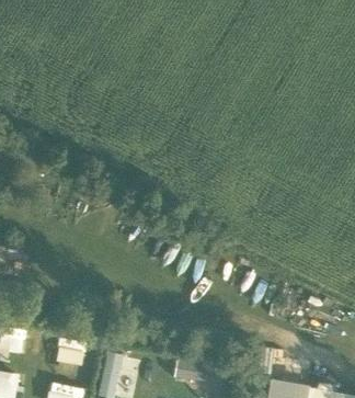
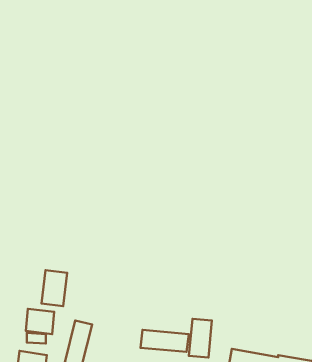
building: none -> [42,270,67,306]
building: none -> [189,319,212,358]

